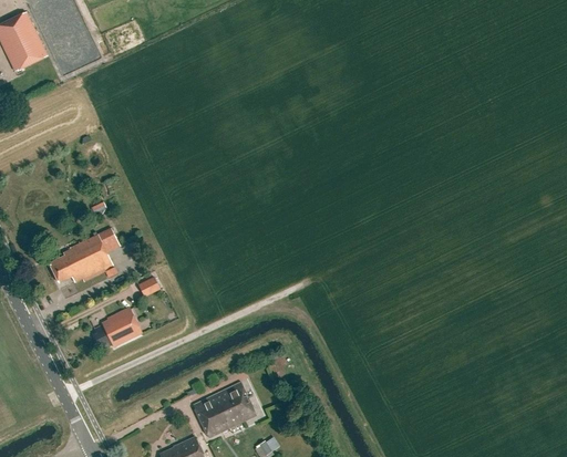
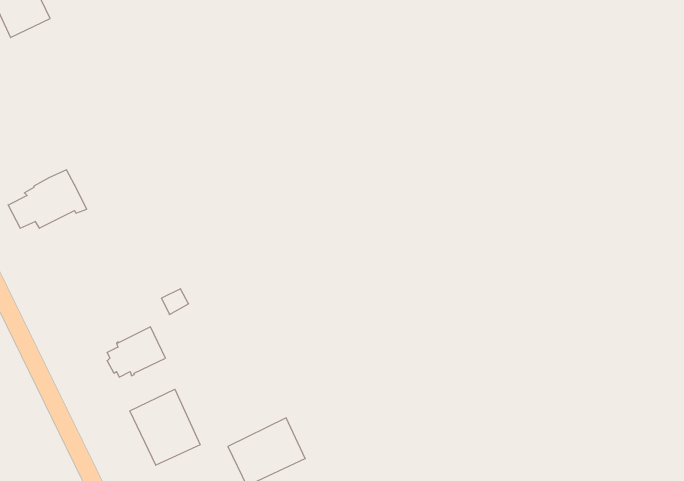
building: [50,235,114,282] -> [8,170,87,228]
building: none -> [130,389,200,465]

